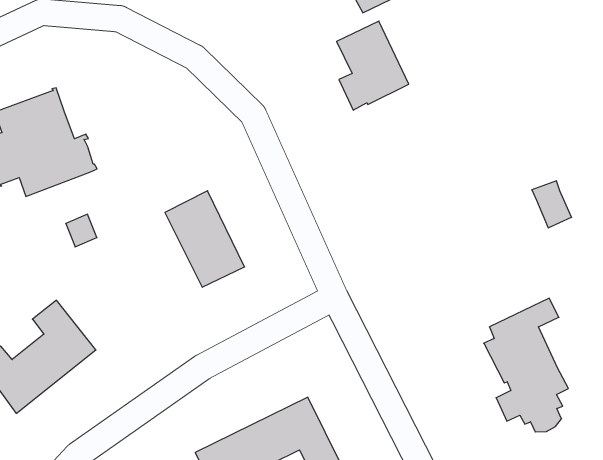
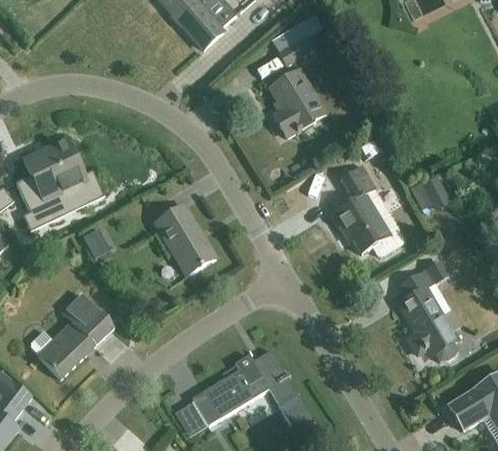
building: none -> [332,166,405,257]

